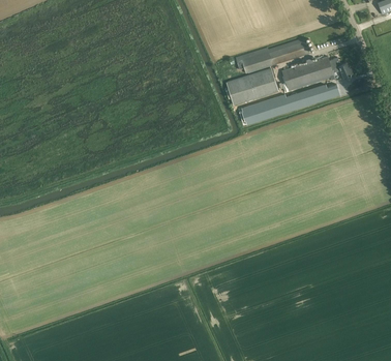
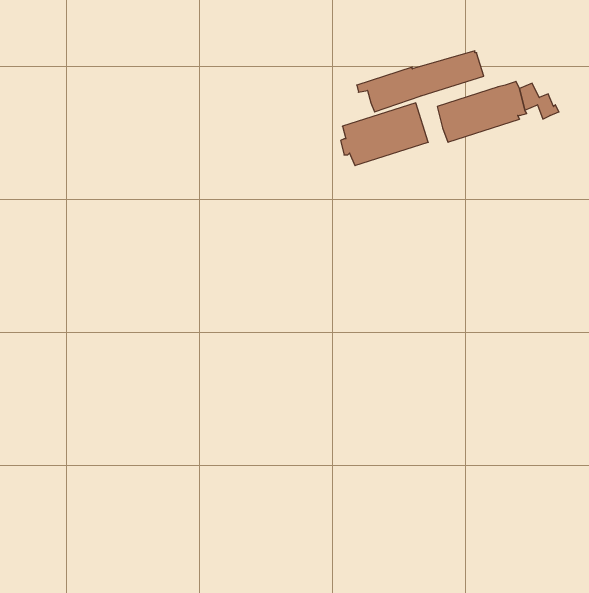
building: [239,84,340,124] -> none

